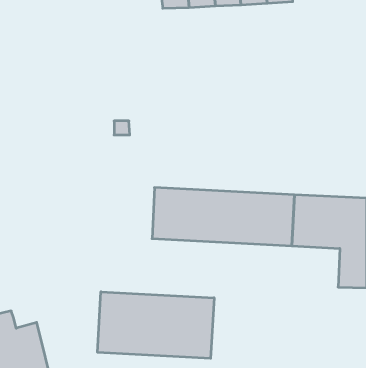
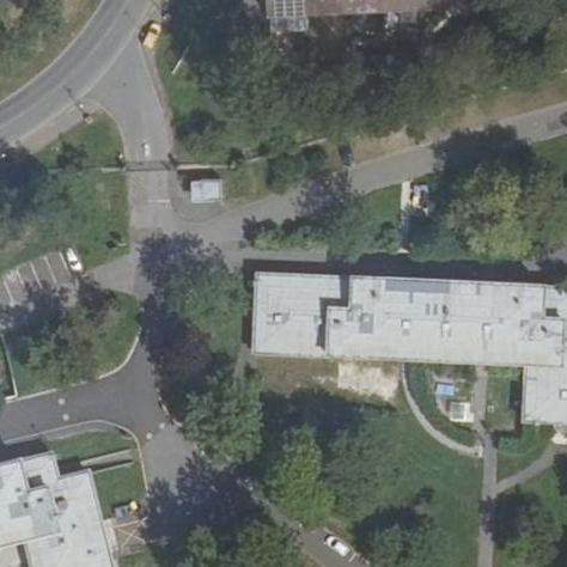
building: [98,292,214,358] -> none

